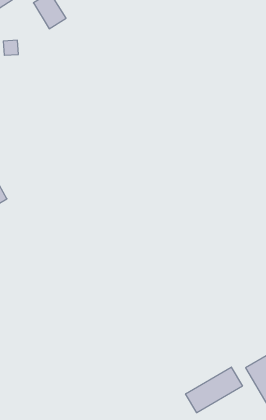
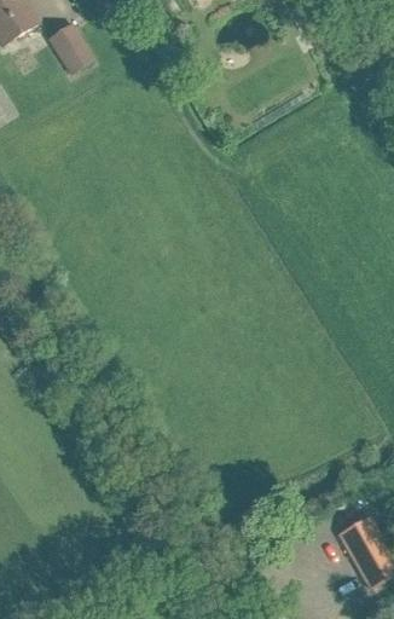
building: [186,367,242,413] -> none

